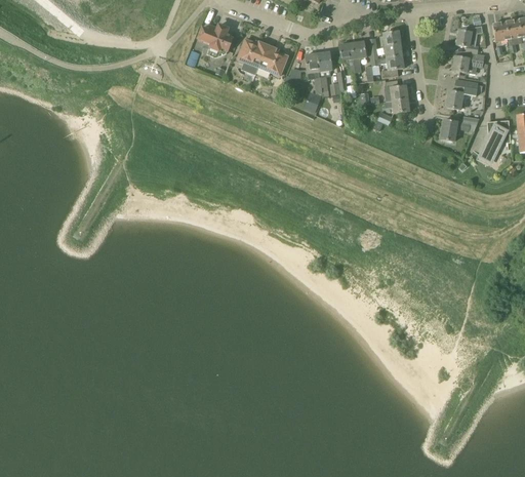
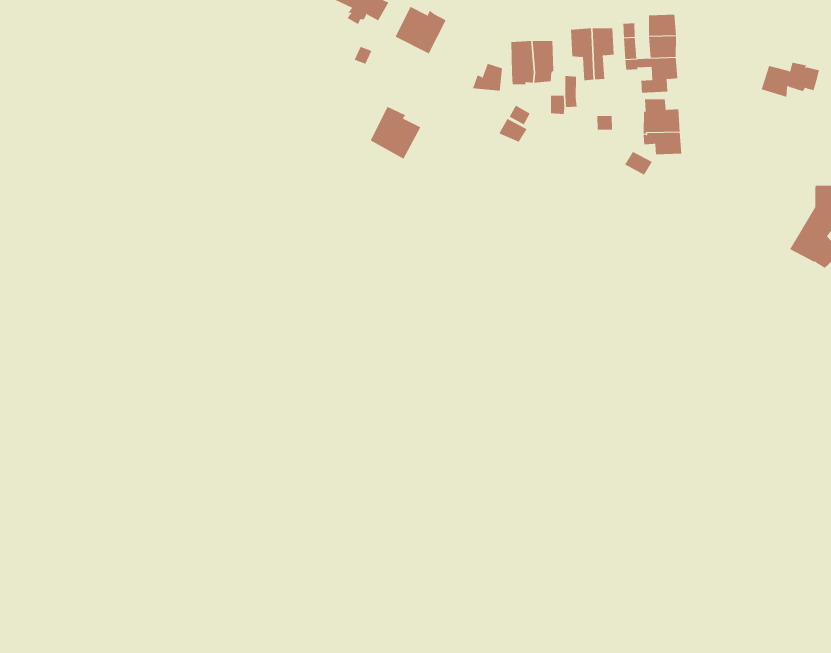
building: [456,26,483,52] -> none
building: [259,45,288,75] -> [370,106,421,160]
building: [446,78,479,109] -> none
building: [441,115,480,141] -> none

